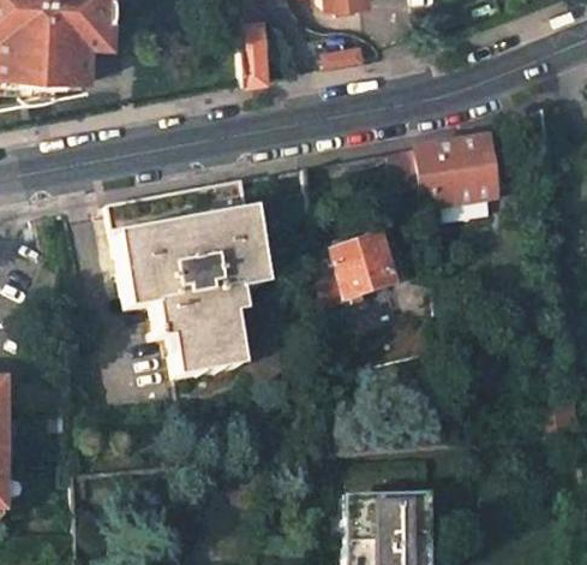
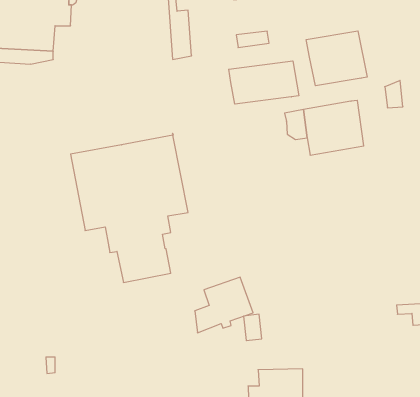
building: none -> [306,31,367,86]
building: none -> [229,61,299,104]
building: [323,236,400,309] -> [195,277,253,333]

